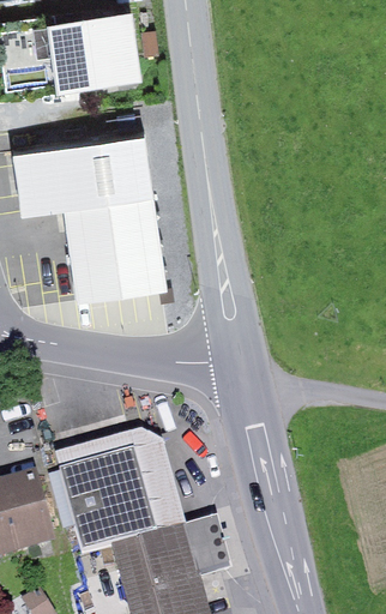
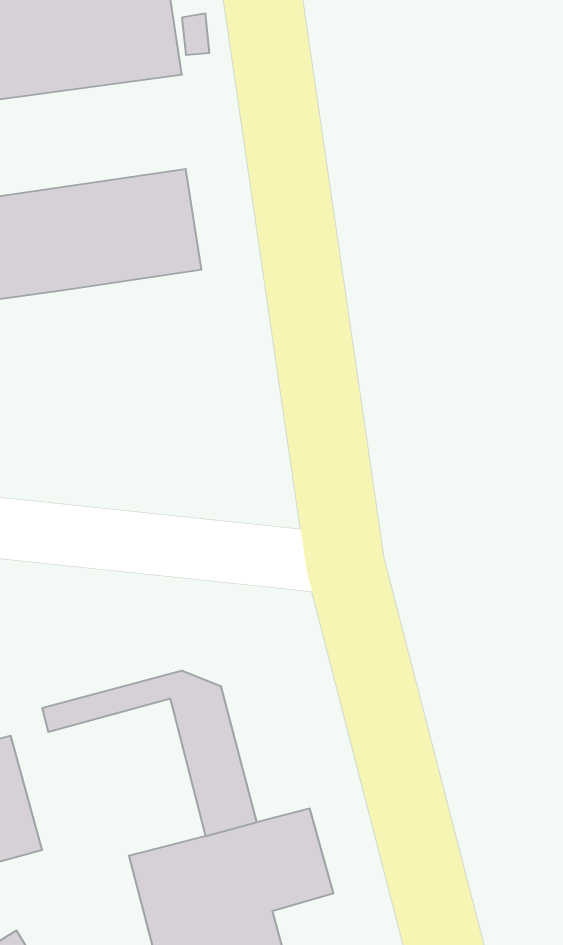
building: [64,193,165,301] -> none
building: [59,455,155,558] -> none

